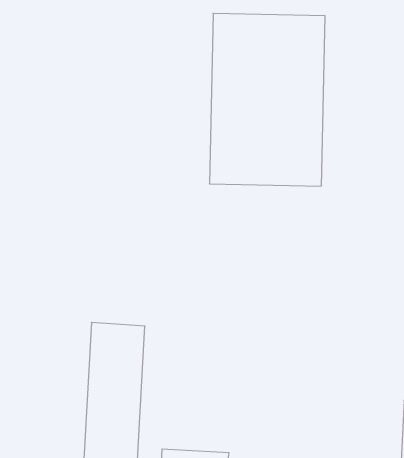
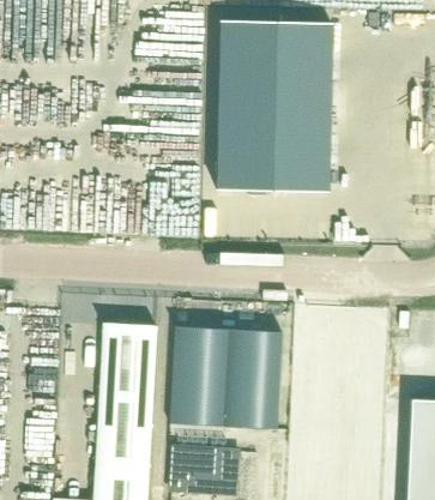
building: none -> [170,327,279,429]

